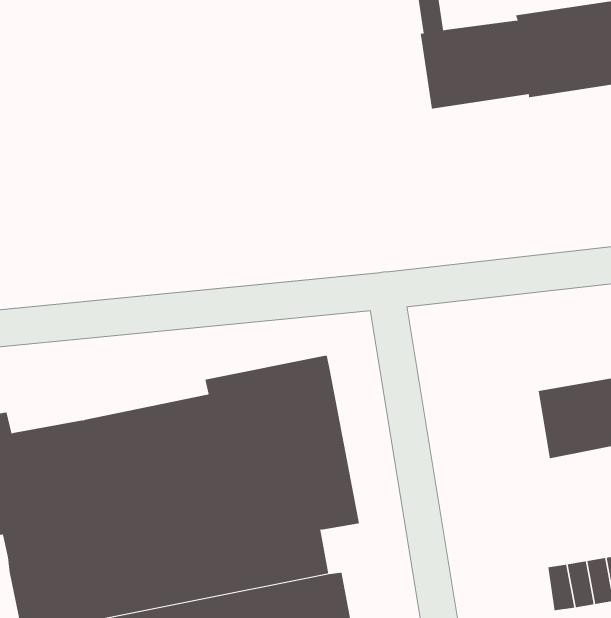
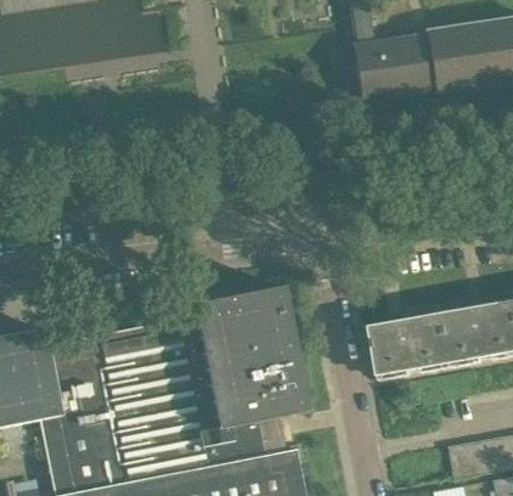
building: none -> [367,311,449,374]

